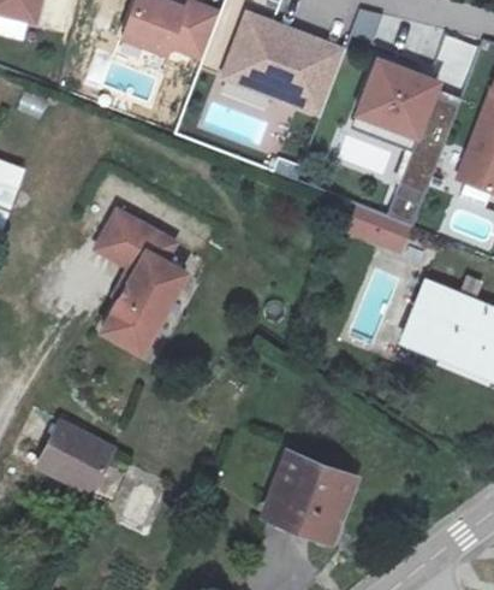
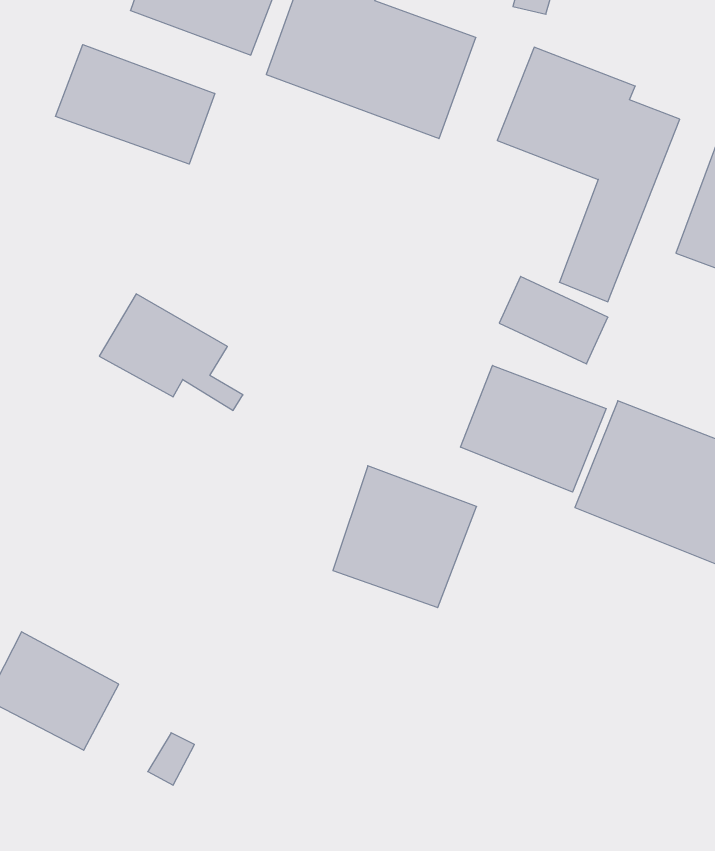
building: none -> [56,45,215,164]
building: none -> [461,365,606,492]
building: [117,262,184,343] -> none
building: [268,452,357,539] -> [333,466,477,608]

